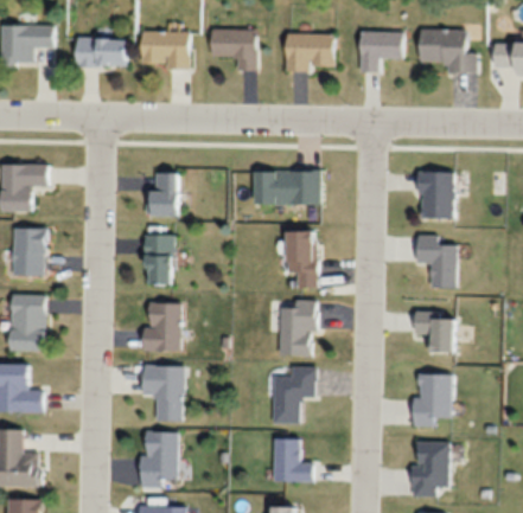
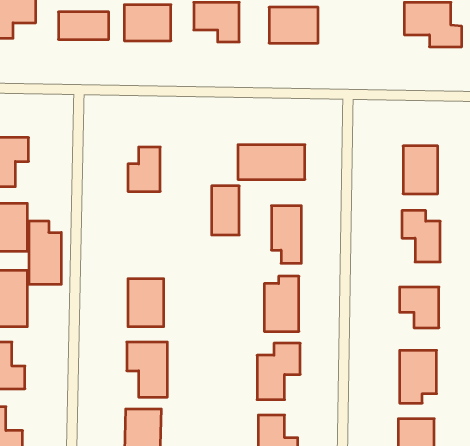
building: [359,31,401,70] -> none
building: [145,235,172,283] -> [212,186,239,235]
building: none -> [29,221,61,284]

